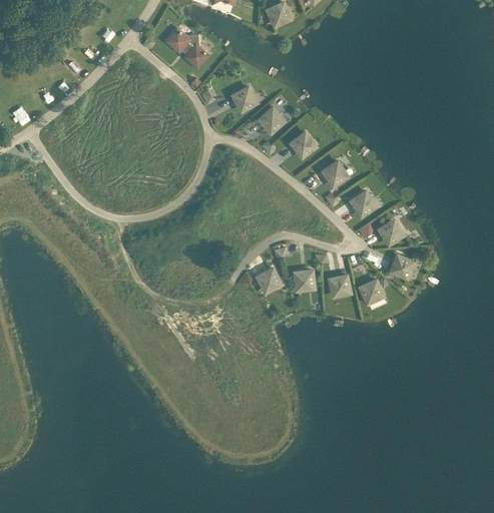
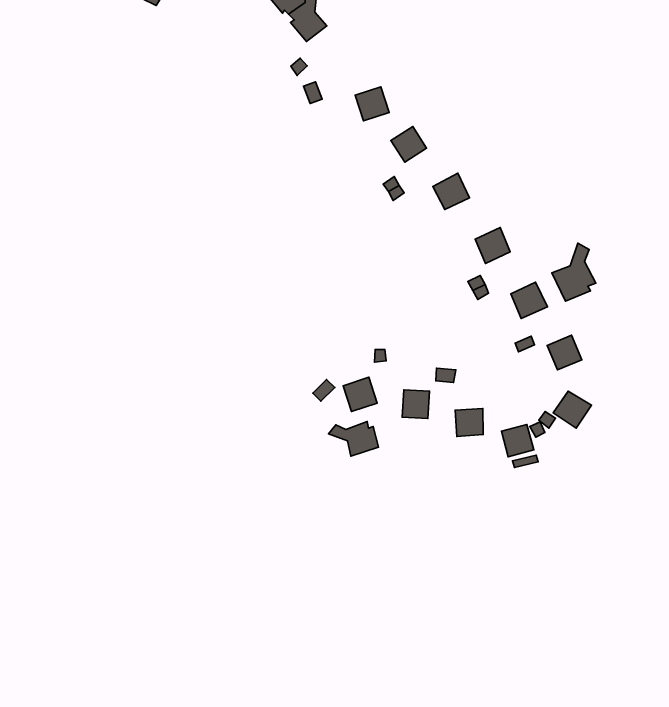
building: none -> [552,243,596,301]
building: none -> [329,422,378,456]

